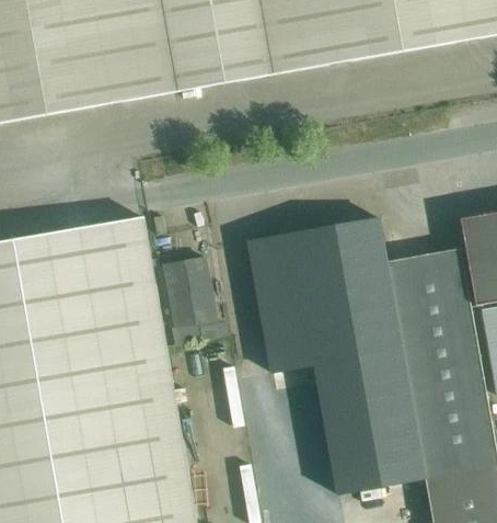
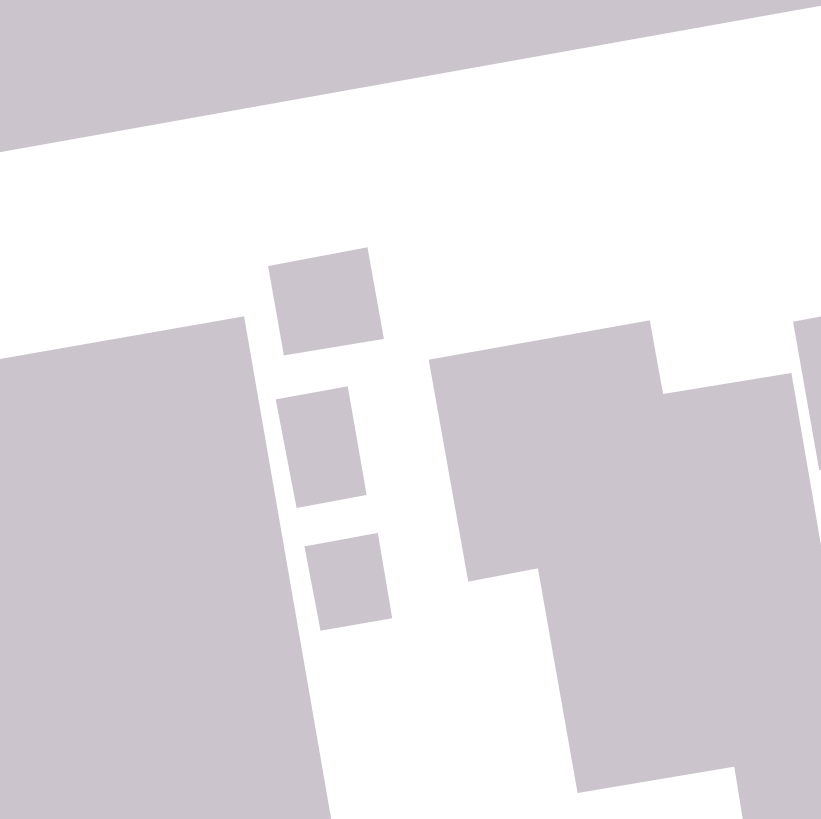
building: none -> [268,247,385,356]
building: none -> [304,532,393,632]

